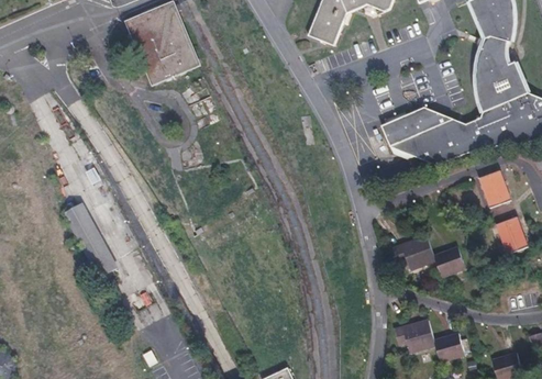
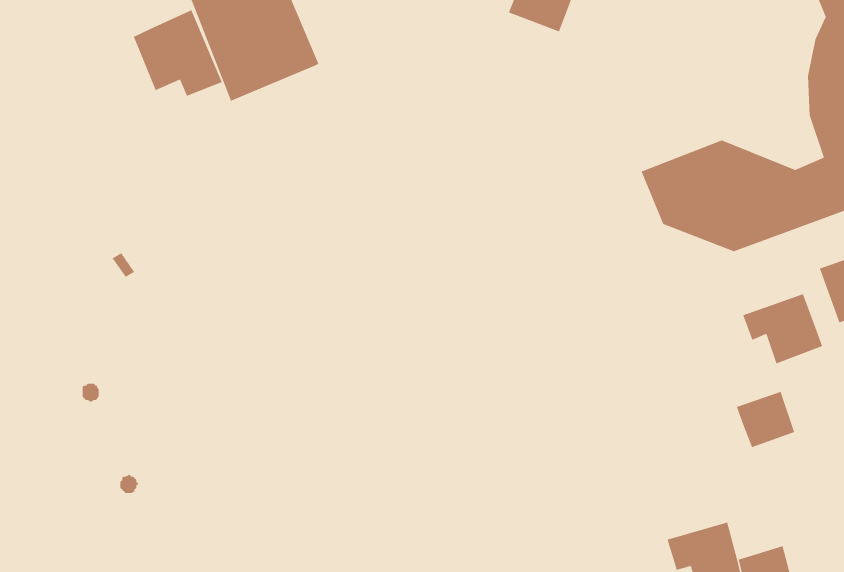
building: none -> [133,9,223,97]
building: [64,202,118,277] -> none
building: [390,233,435,272] -> [742,293,823,364]

